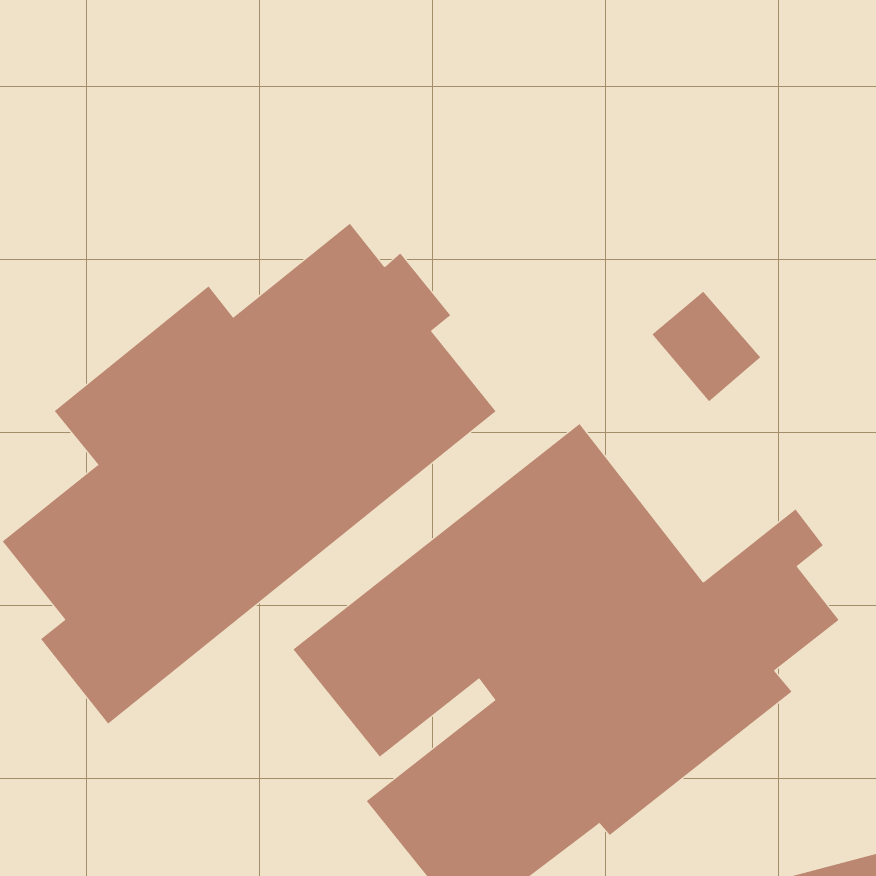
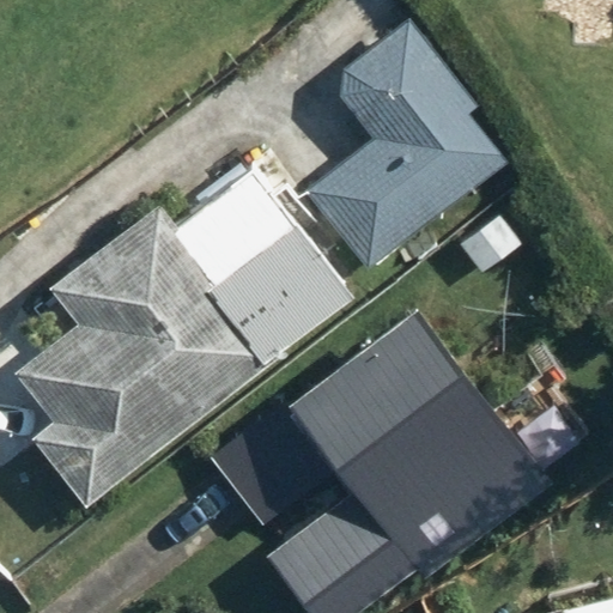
building: none -> [315,18,509,274]

